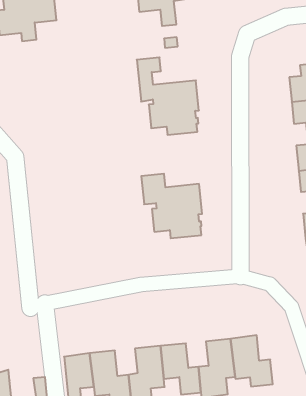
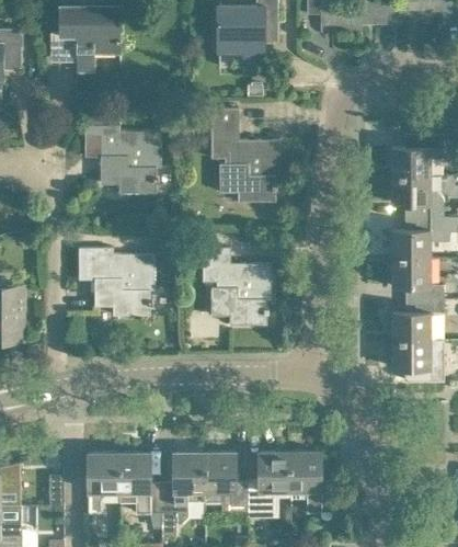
building: none -> [85,125,161,192]
building: none -> [79,248,156,315]

